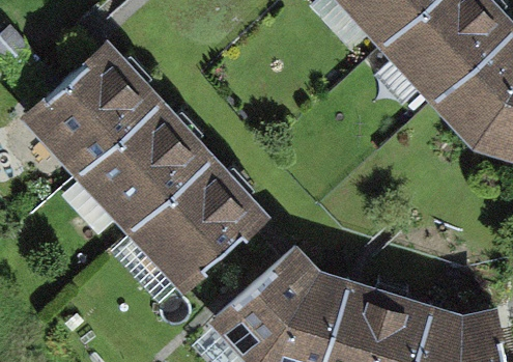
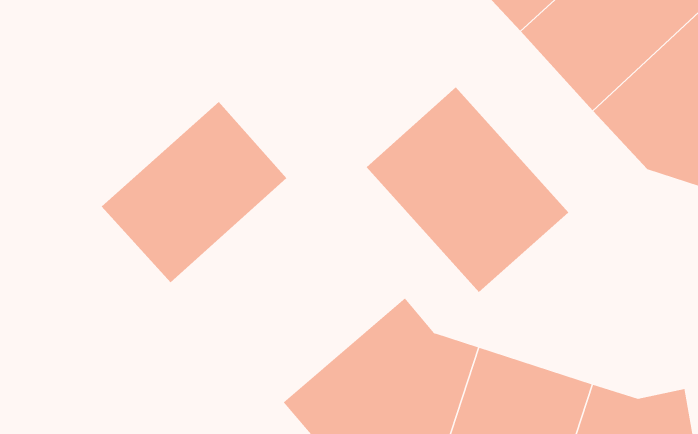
building: [23,41,163,178] -> none
building: none -> [366,86,569,293]
building: [127,158,268,296] -> none

